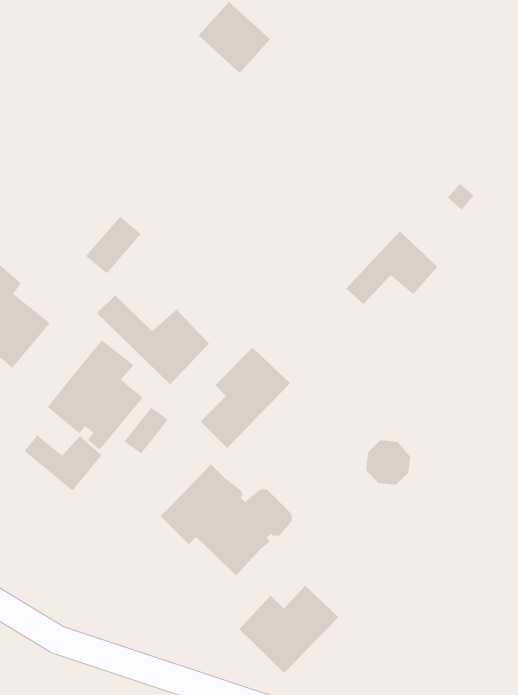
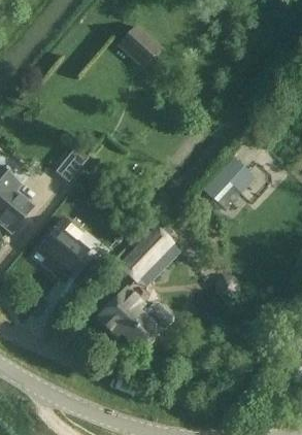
building: [96,294,210,385] -> none
building: [23,435,102,492] -> none
building: [239,585,339,674] -> none

